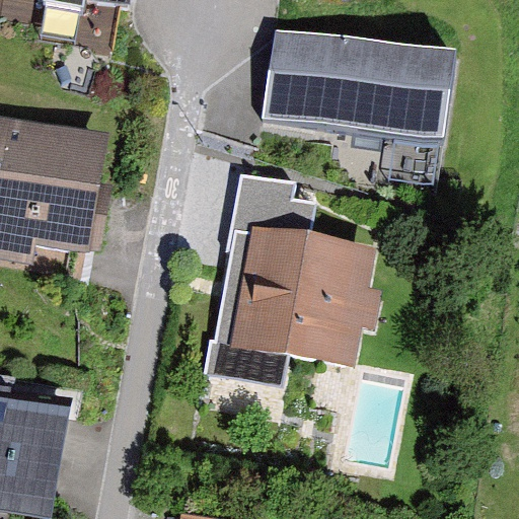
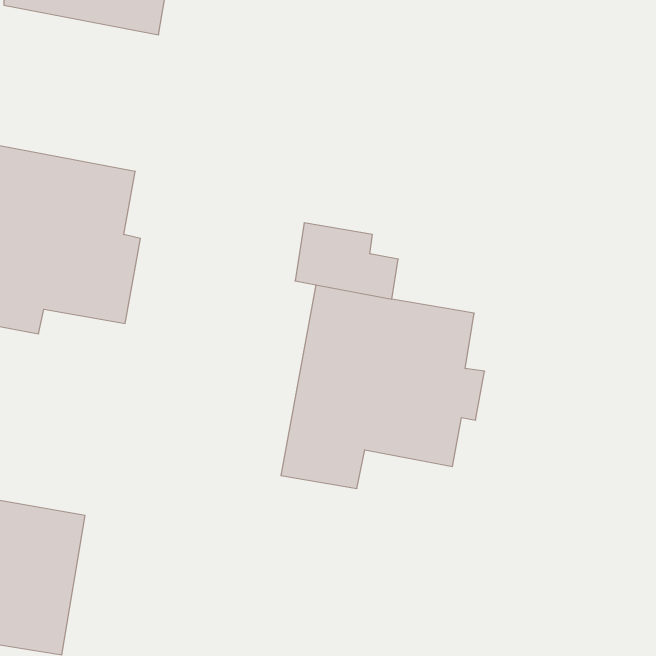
building: [263,27,453,186] -> none

